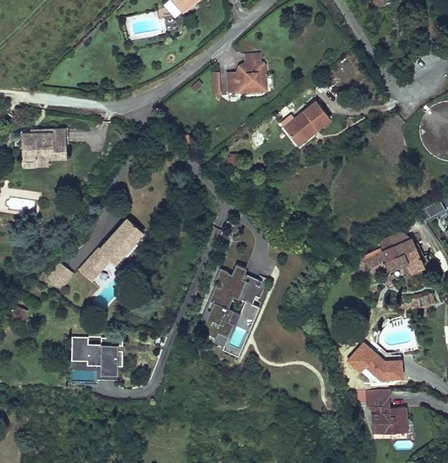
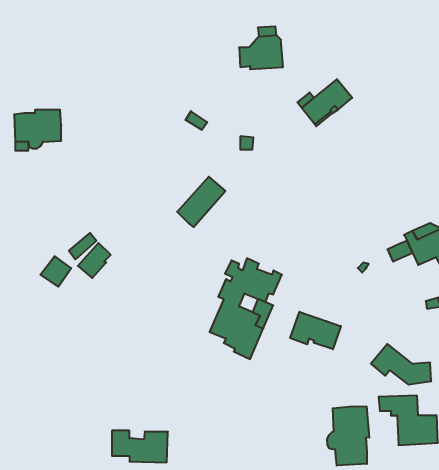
building: [99,219,143,265] -> [177,177,225,227]
building: none -> [290,312,341,349]
building: [71,338,122,367] -> [112,431,168,462]
building: none -> [327,406,369,466]

